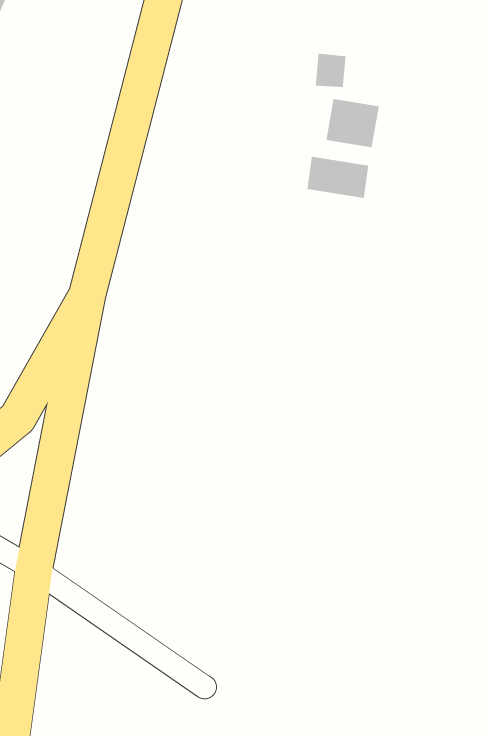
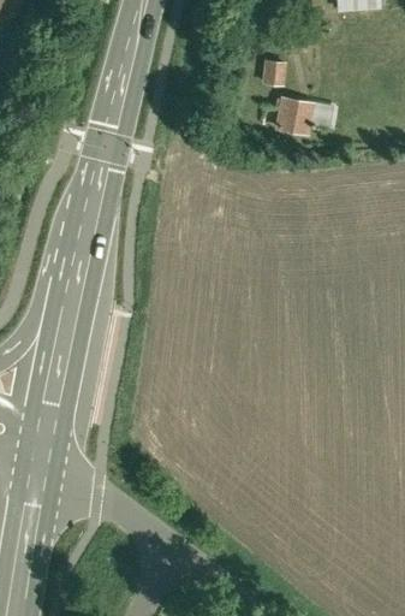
building: [307,156,369,199] -> none

